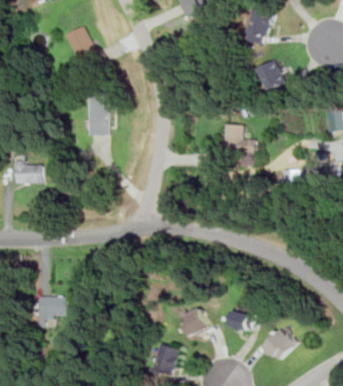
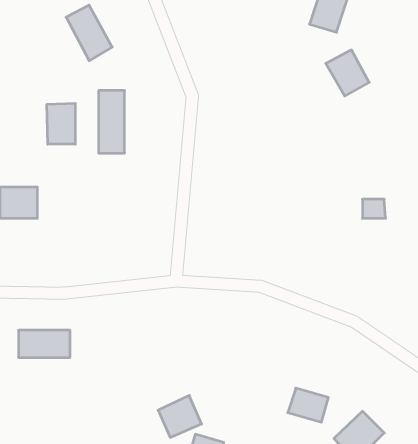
building: none -> [47,103,75,144]
building: [223,125,253,168] -> none
building: [37,296,75,316] -> [18,330,70,357]
building: [178,308,210,339] -> [158,395,202,437]

